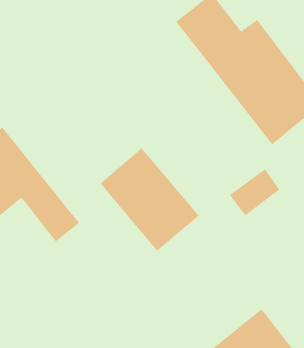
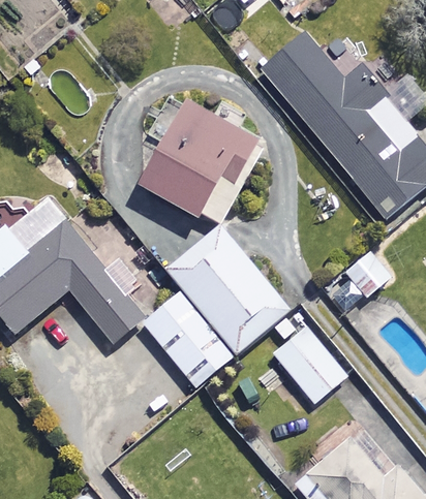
building: none -> [142,102,262,227]
building: none -> [143,286,238,372]
building: none -> [273,322,346,401]

